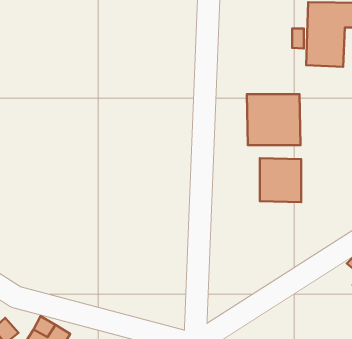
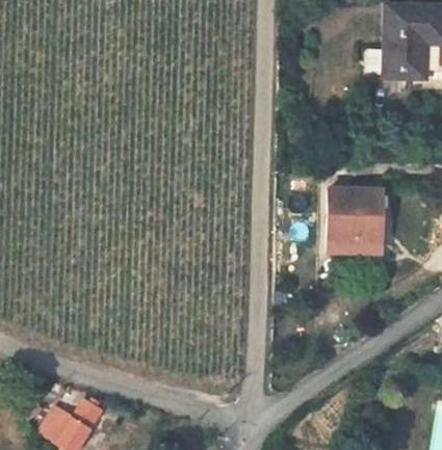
building: [247,94,300,145] -> none

